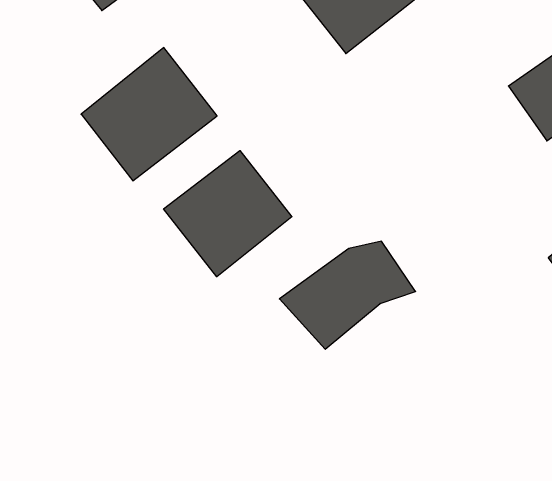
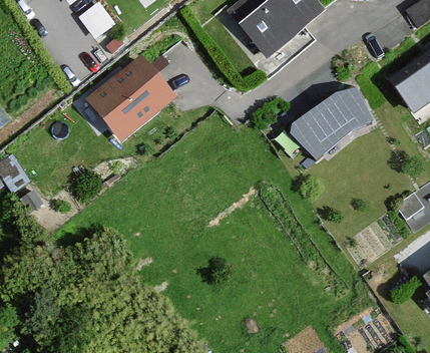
building: [164,151,292,277] -> none
building: [279,241,416,349] -> [287,89,379,162]

